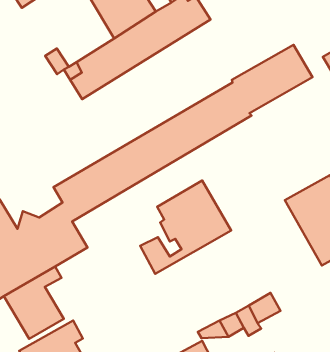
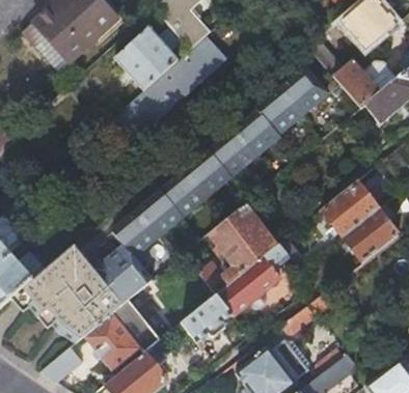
building: none -> [181,243,285,344]

